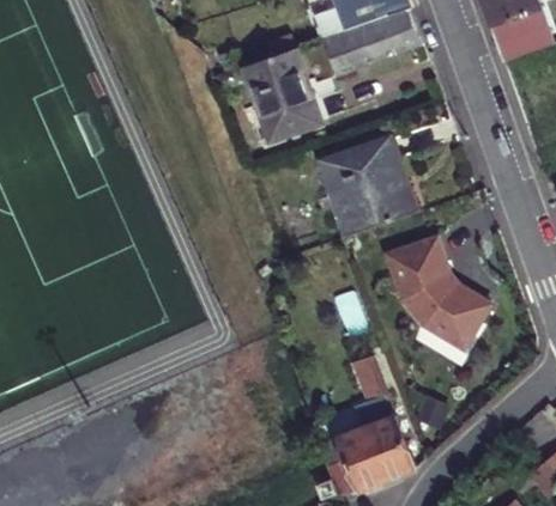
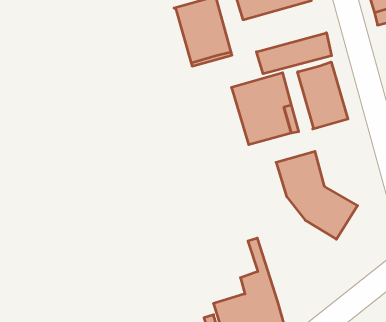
building: none -> [256,33,332,74]
building: none -> [298,62,348,129]

